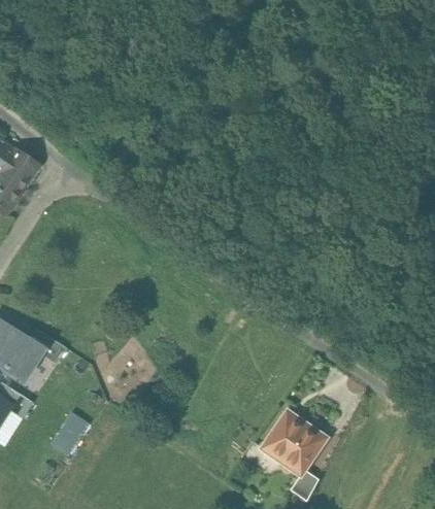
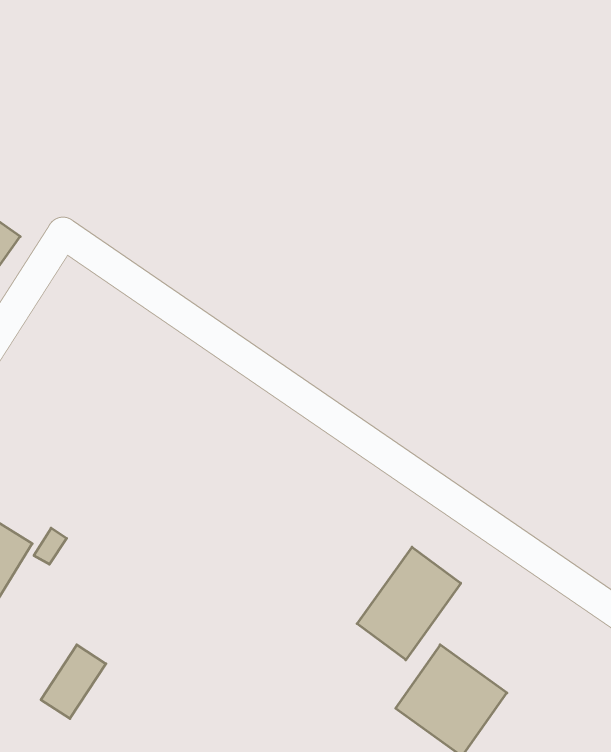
building: none -> [357,547,461,660]

